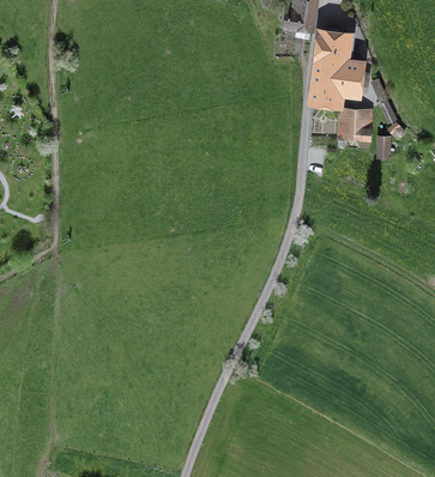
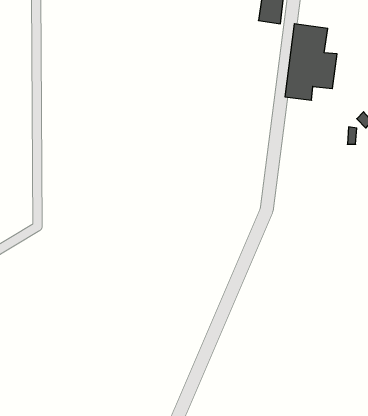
building: [343,108,370,137] -> none

